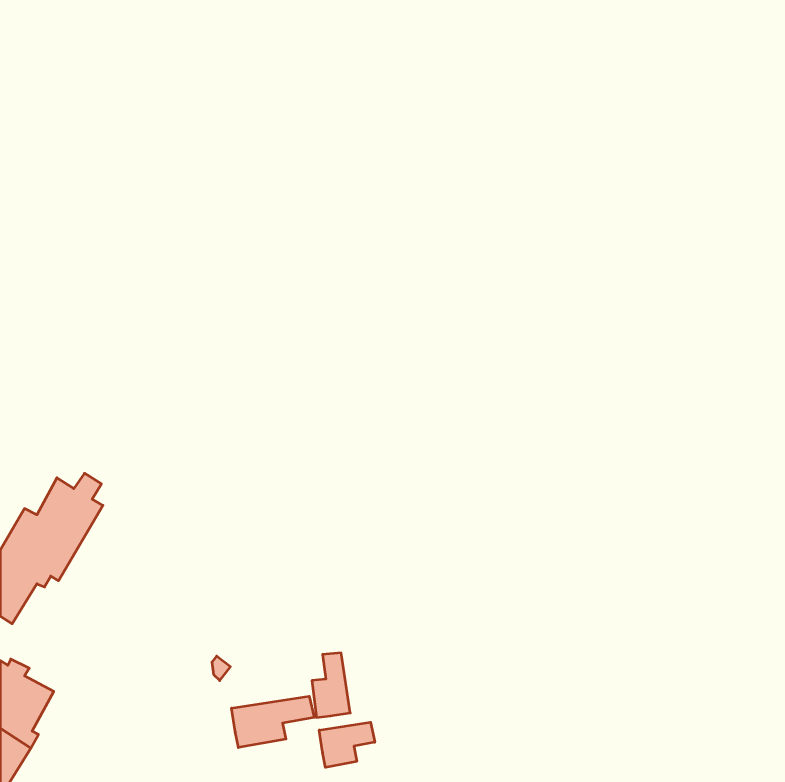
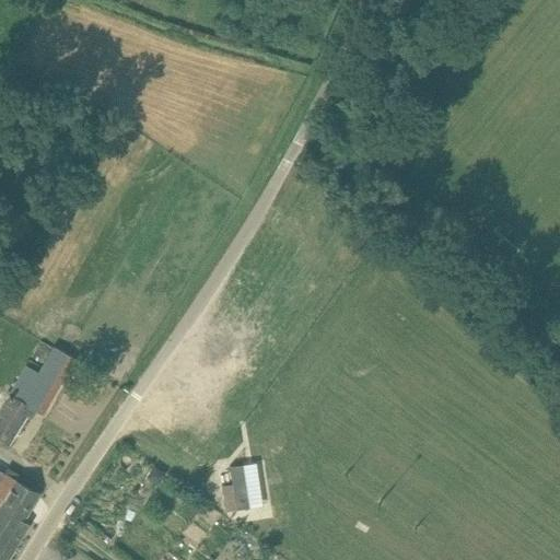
building: [232,696,314,748] -> none
building: [319,722,375,767] -> none

